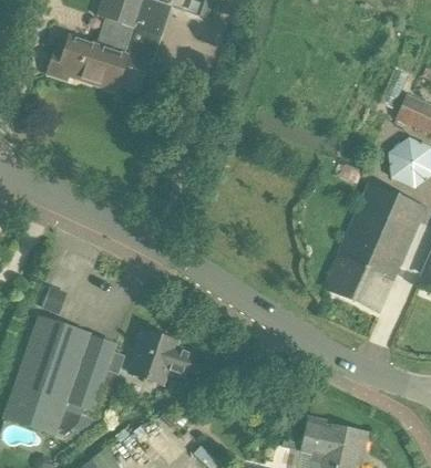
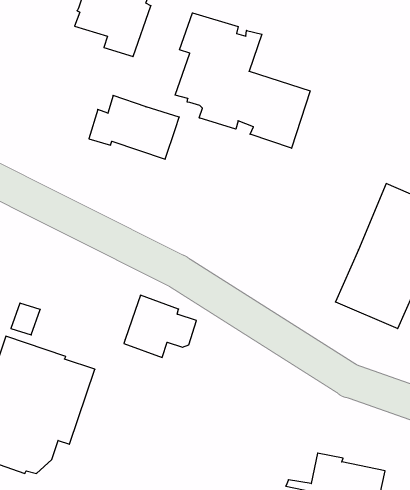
building: none -> [175,13,310,148]
building: [48,35,126,91] -> [89,95,179,159]
building: [129,330,192,384] -> [124,295,196,357]

